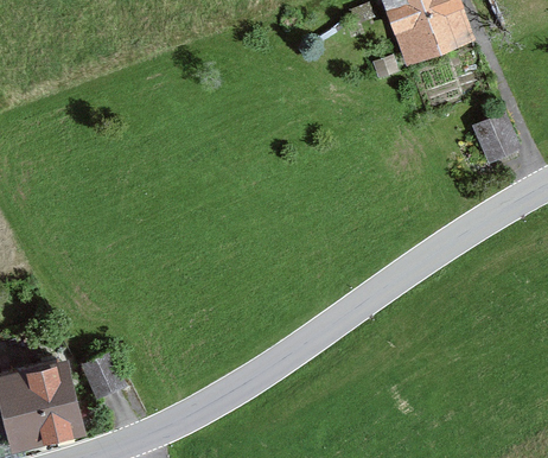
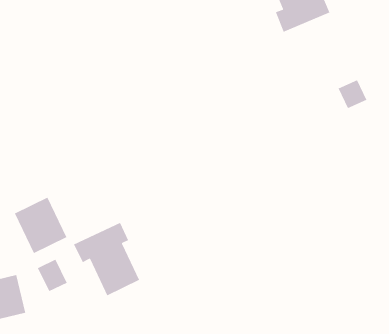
building: none -> [14,197,67,254]
building: none -> [73,222,140,296]

